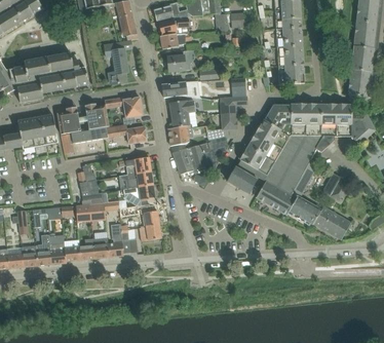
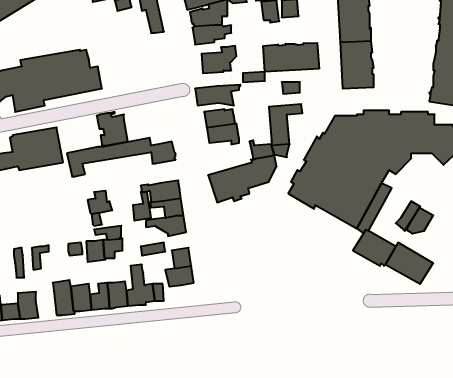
building: [103,39,131,83] -> none
building: none -> [263,43,319,72]
building: [105,97,143,117] -> none
building: [56,106,81,134] -> none
building: [168,124,193,145] -> none
building: [227,166,257,193] -> none
building: [256,180,296,214] -> none
building: [36,234,52,265] -> none

